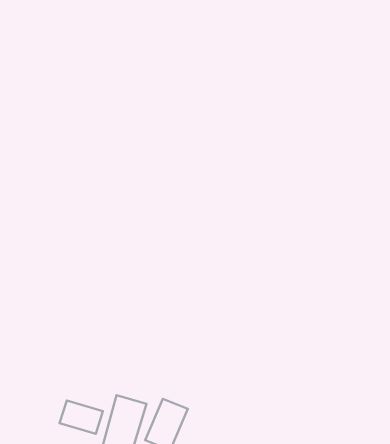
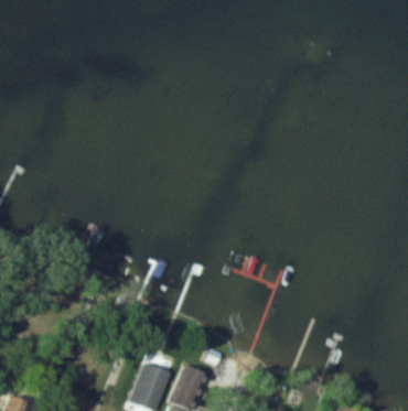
building: [60,400,103,434] -> none

